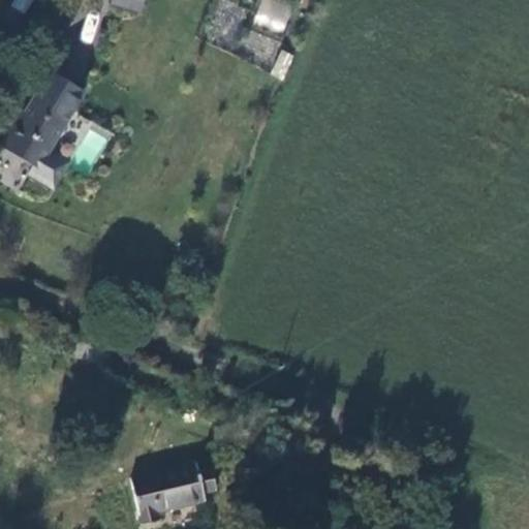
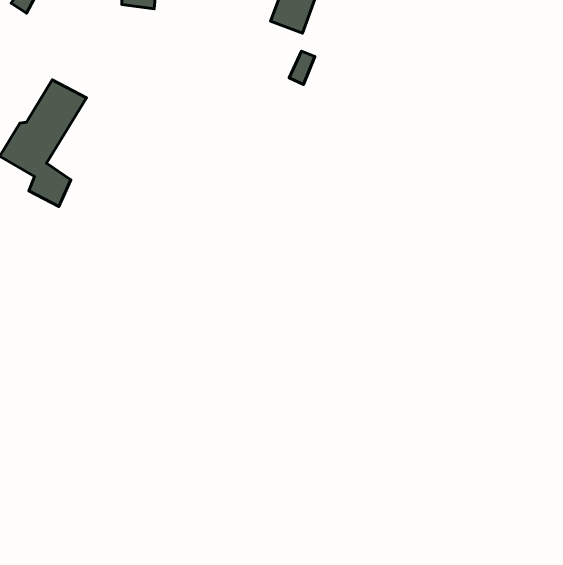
building: [132,459,220,522] -> none

